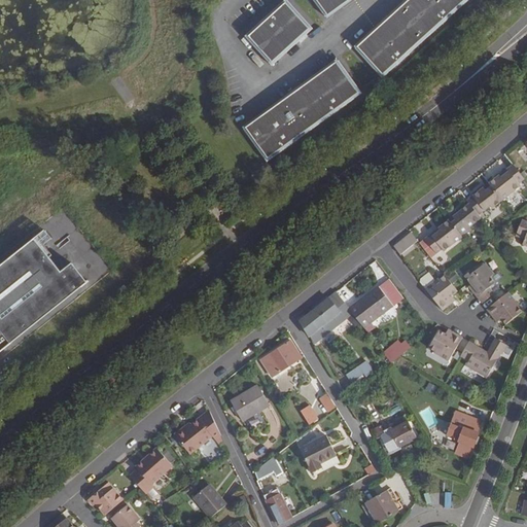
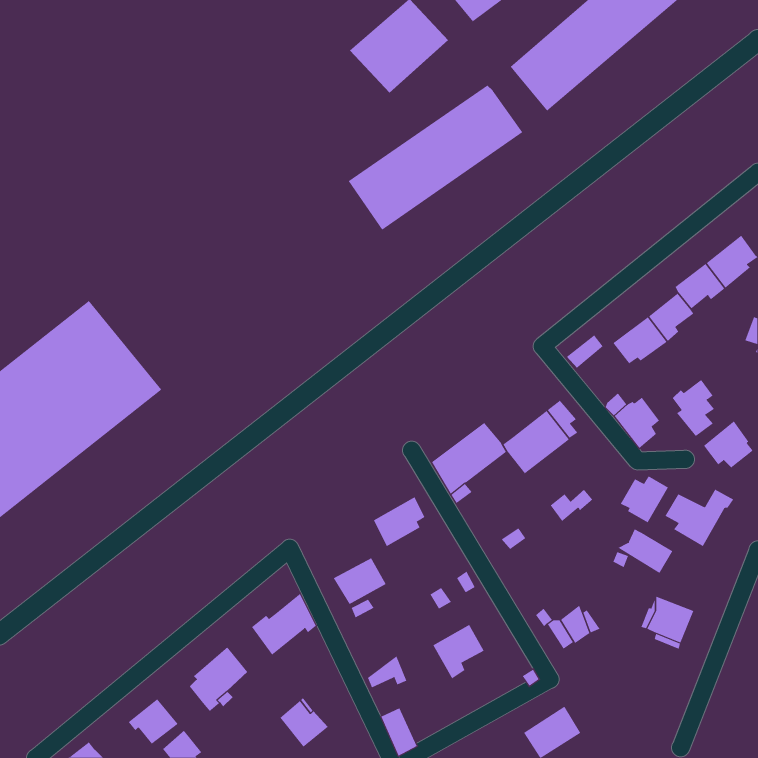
building: none -> [617,528,673,574]

